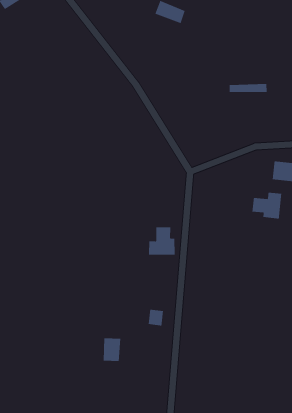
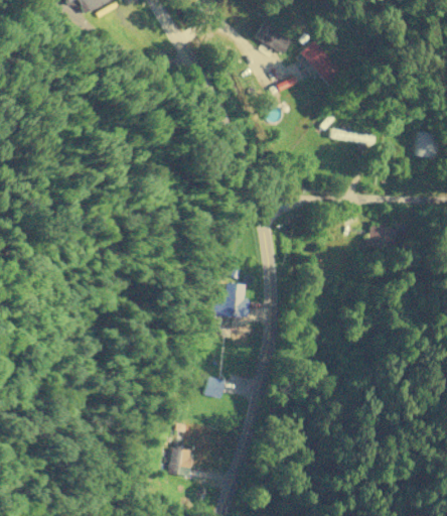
building: none -> [301,40,340,82]
building: [252,192,282,219] -> none
building: [103,338,121,361] -> [168,446,192,476]

